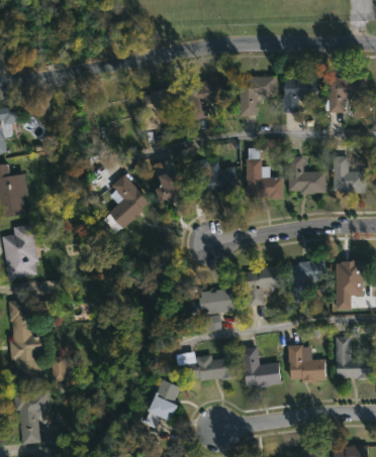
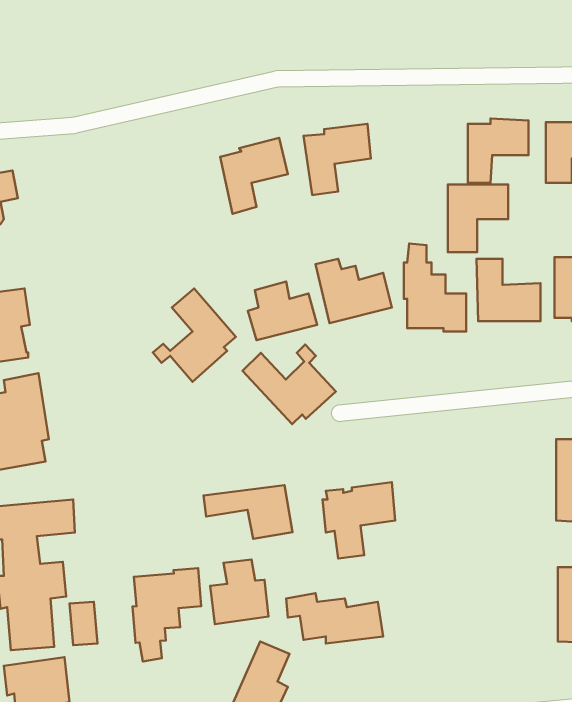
building: [241,76,276,115] -> [448,185,508,252]
building: none -> [242,345,336,424]
building: [290,258,326,302] -> none
building: [245,265,284,306] -> none
building: none -> [203,485,293,539]
building: none -> [210,560,269,624]
building: none -> [133,568,201,661]
building: [288,345,325,382] -> none
building: [240,346,283,387] -> none

